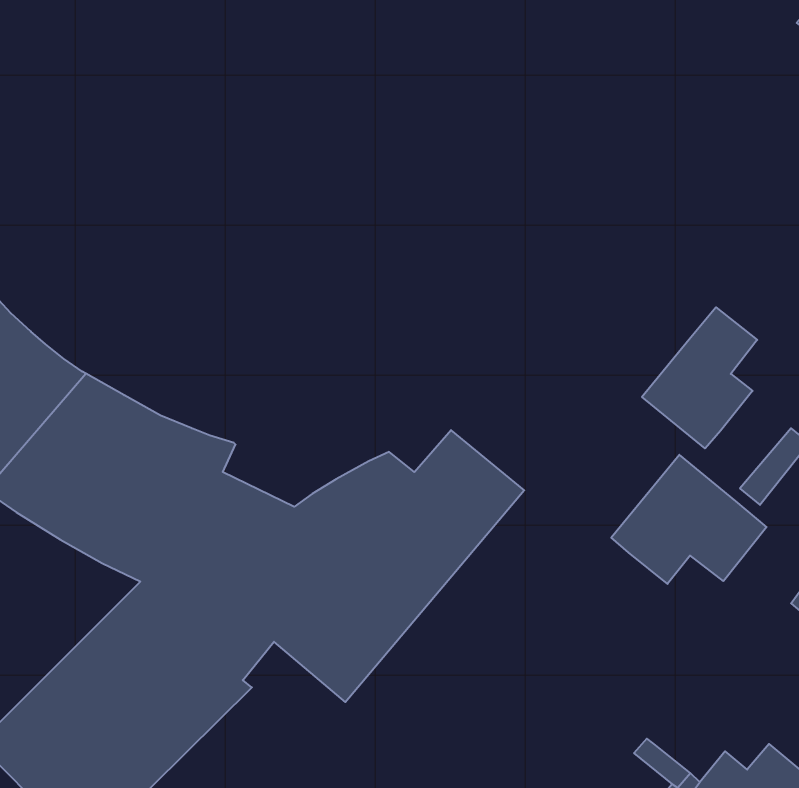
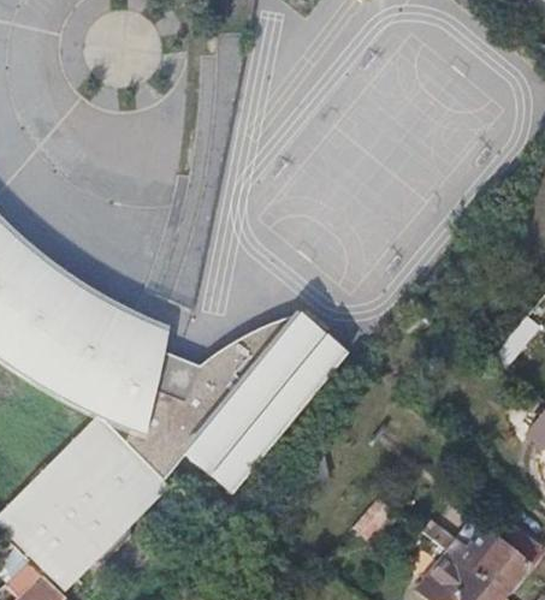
building: [642,307,757,448] -> none
building: [611,455,767,584] -> none

